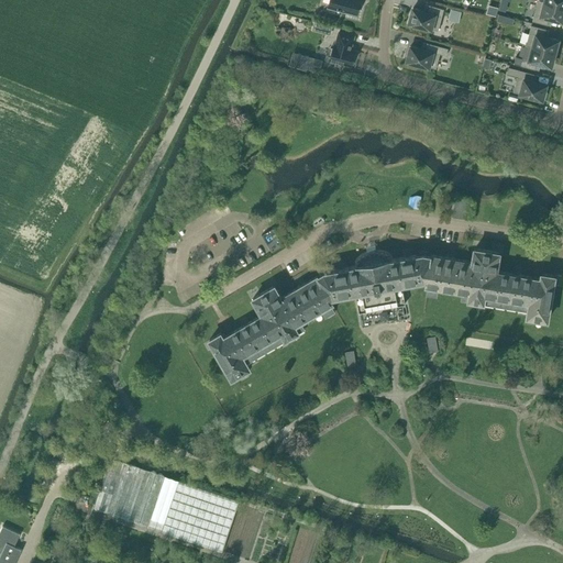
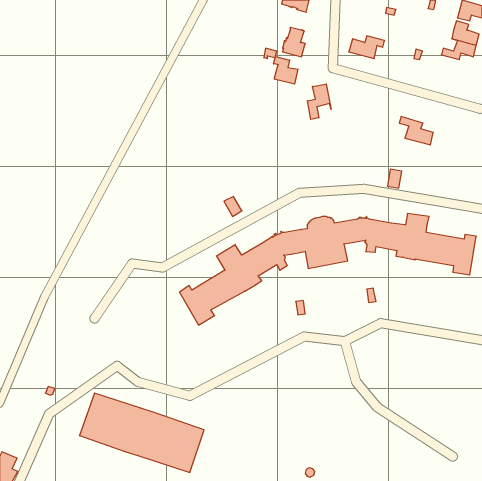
building: [408,7,443,33] -> none
building: none -> [274,57,298,84]
building: [506,68,545,101] -> [399,117,433,145]
building: none -> [307,84,331,119]

